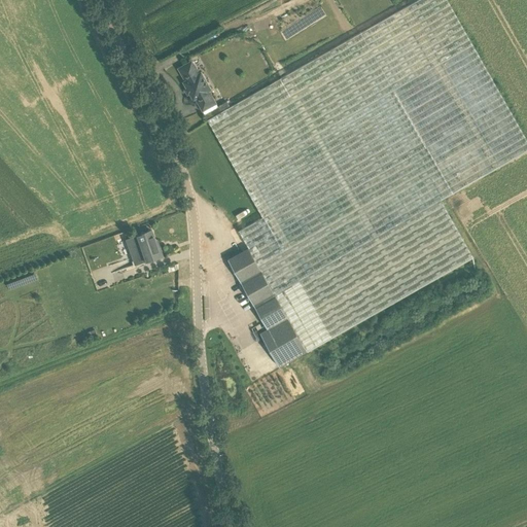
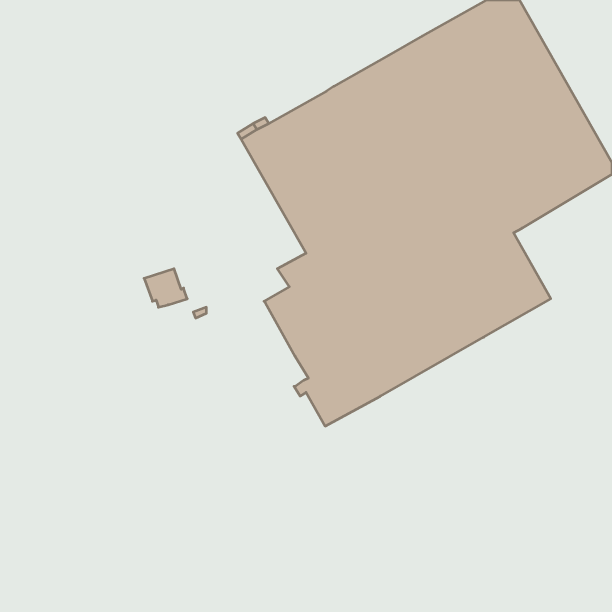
building: [178,62,215,111] -> none

